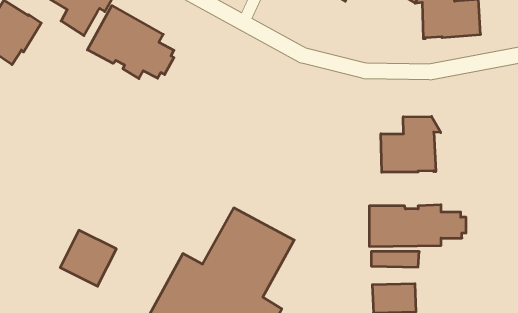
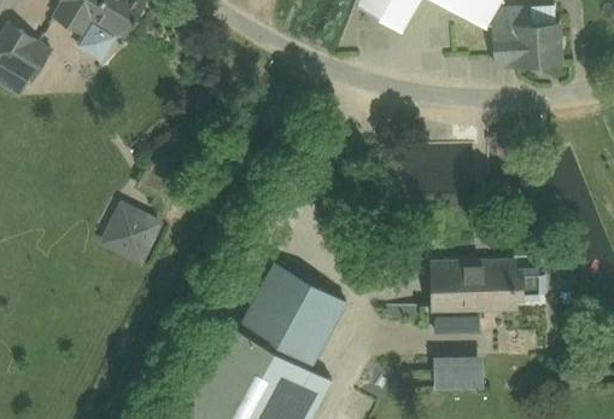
building: [87,6,174,79] -> none
building: [381,116,441,172] -> none
building: [60,230,116,286] -> [99,200,164,266]

